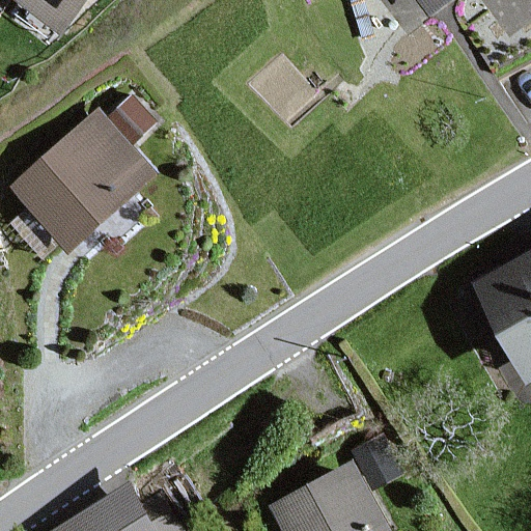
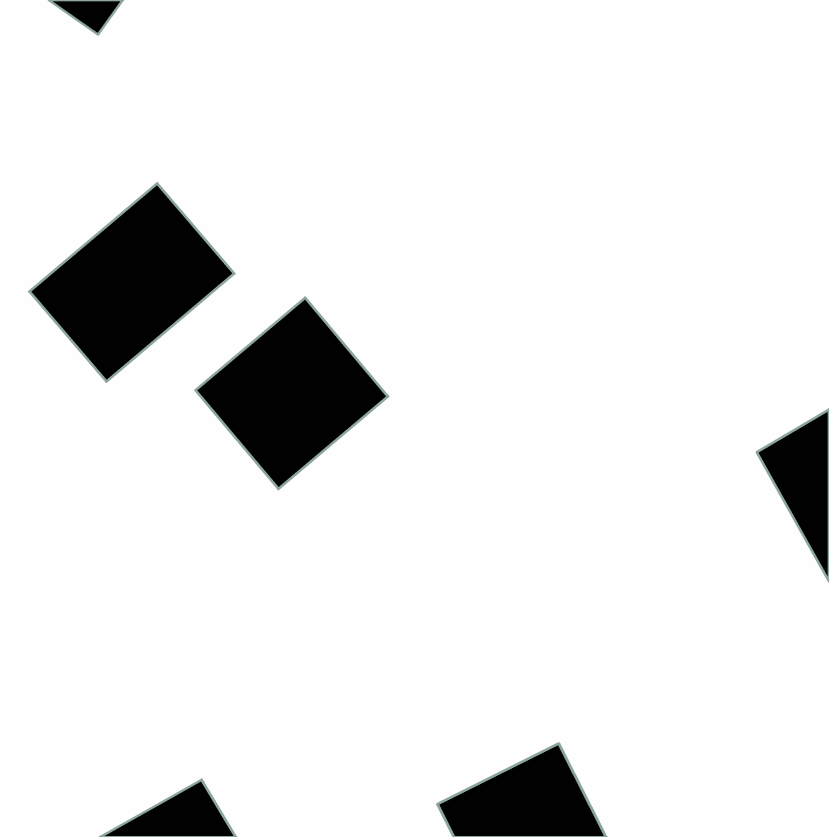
building: none -> [196,298,388,489]

